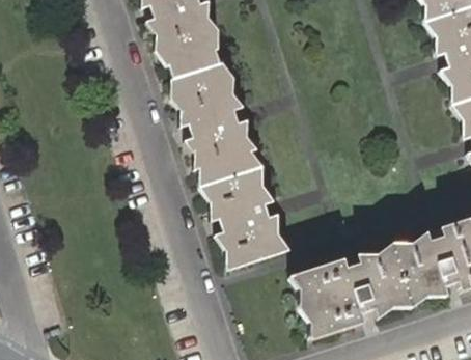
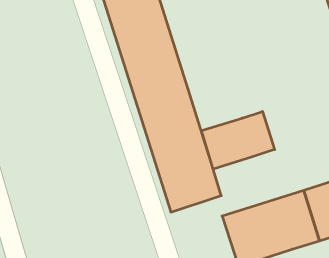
building: none -> [202,111,275,169]

